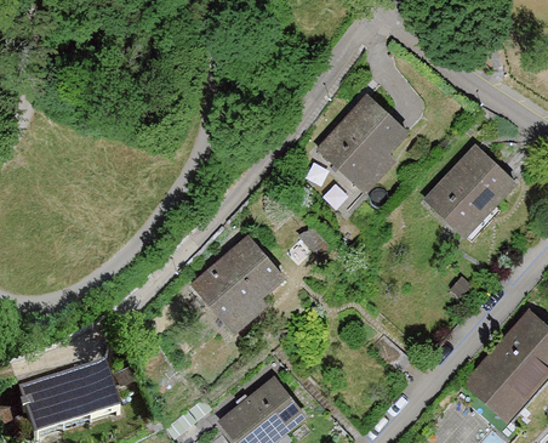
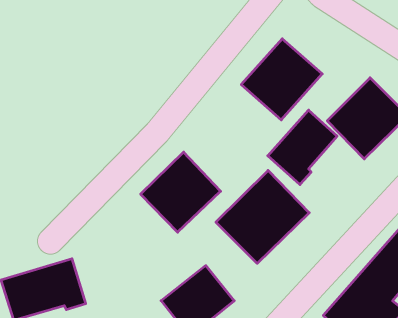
building: none -> [268,110,337,185]
building: none -> [216,170,309,263]

